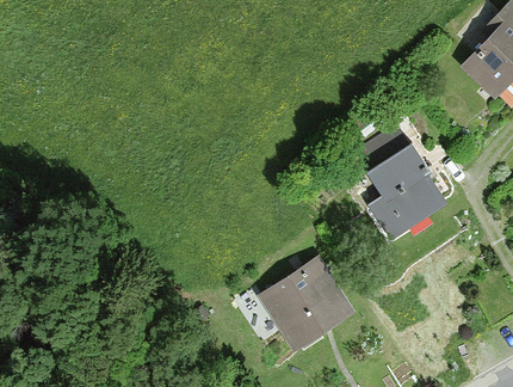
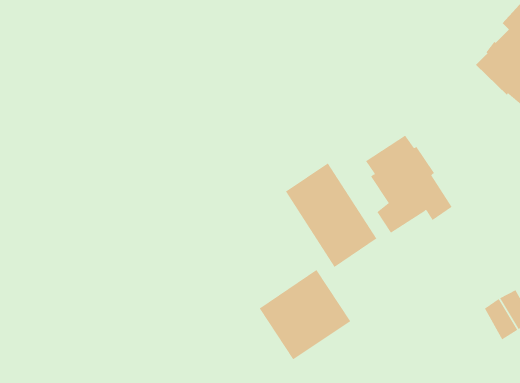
building: none -> [285,162,377,268]

